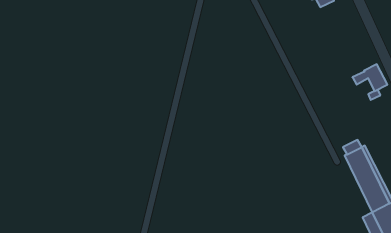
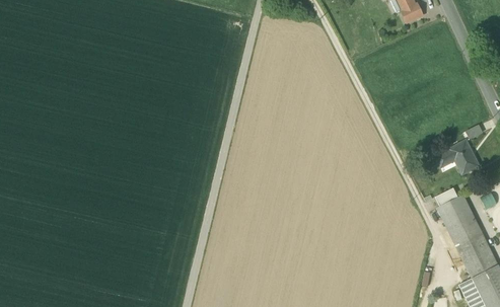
building: [352,64,387,91] -> [435,140,479,173]

